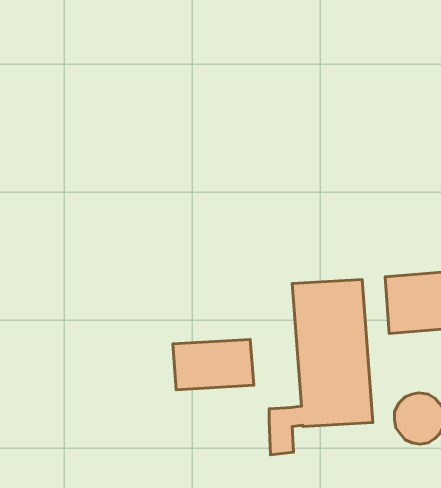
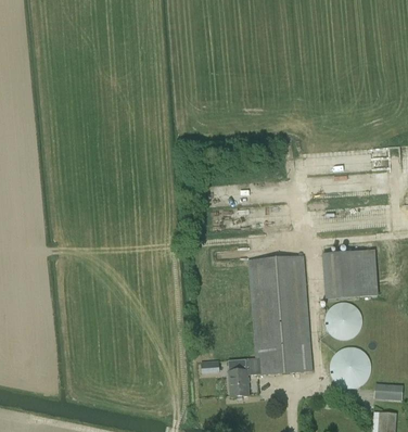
building: none -> [324,301,361,339]
building: [173,339,254,390] -> none

